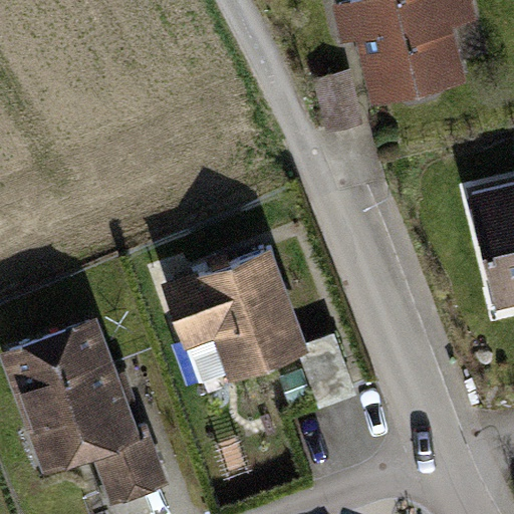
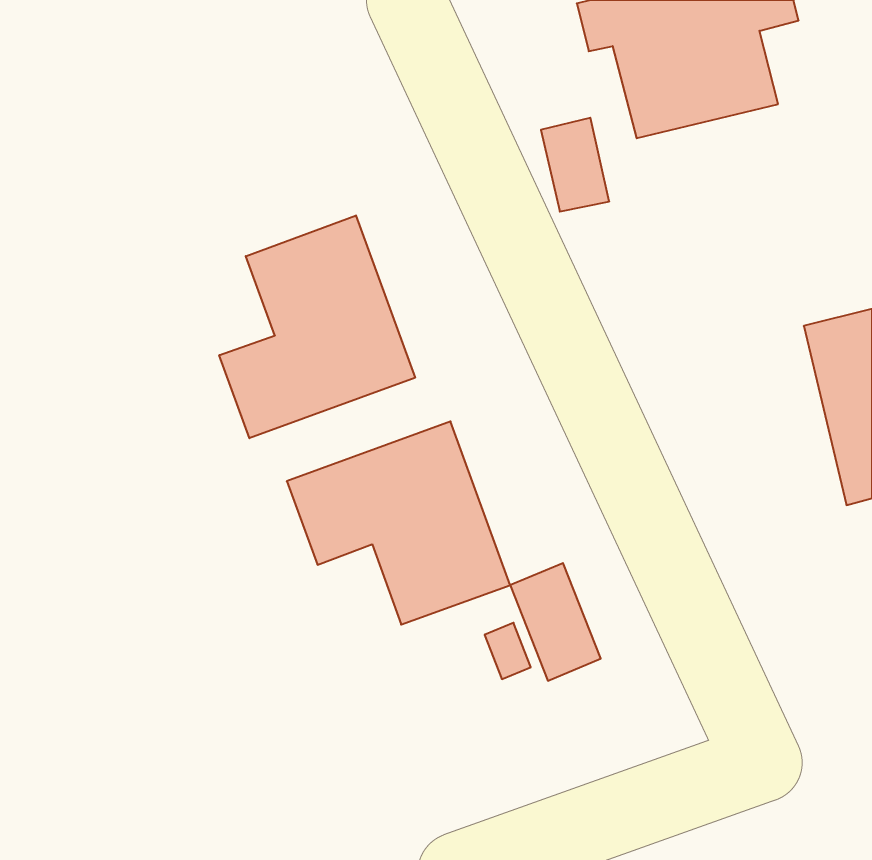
building: none -> [219,215,415,438]
building: [10,326,166,503] -> none

